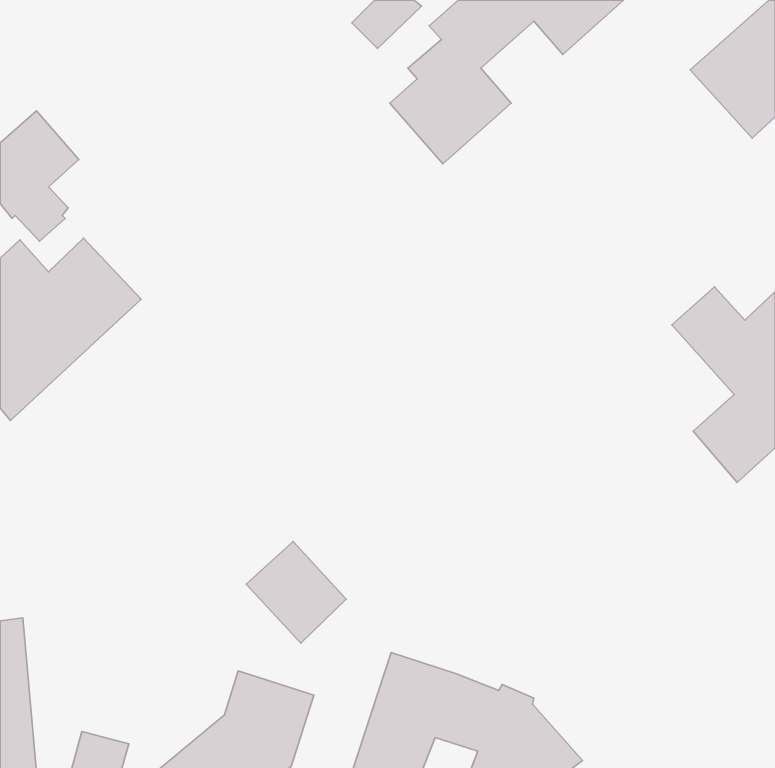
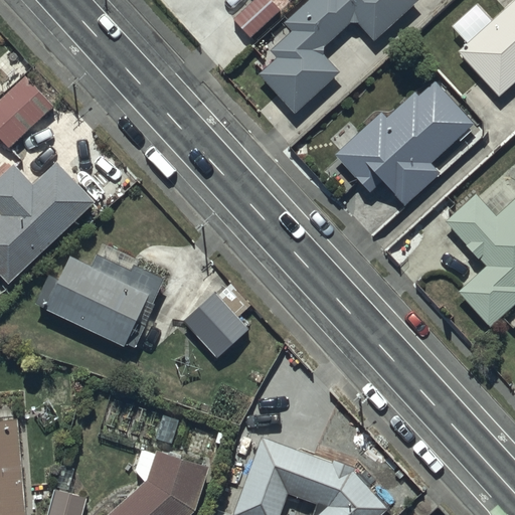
building: none -> [334,81,473,205]
building: none -> [34,243,164,347]
building: [246,542,346,643] -> [183,293,249,360]

